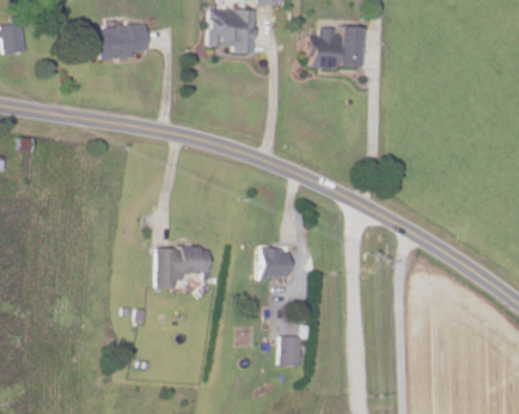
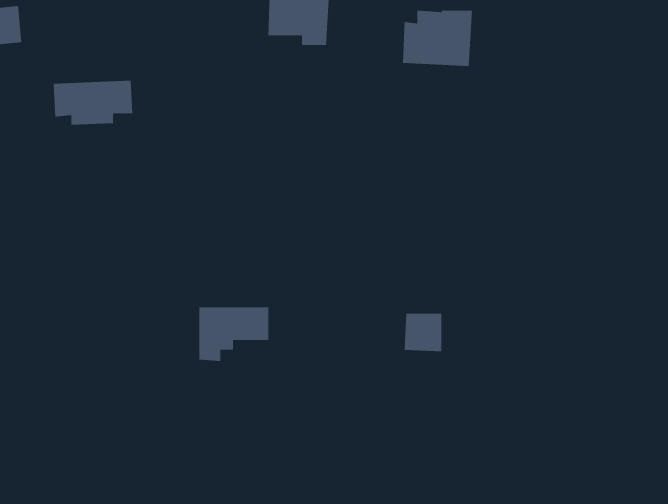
building: [88,25,148,59] -> [53,80,133,125]
building: [261,249,289,278] -> [404,313,442,352]
building: [280,336,303,365] -> none

